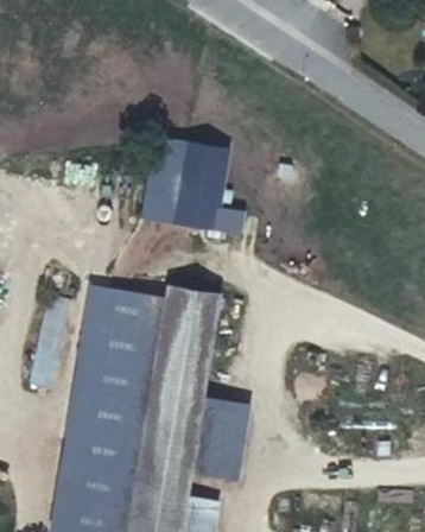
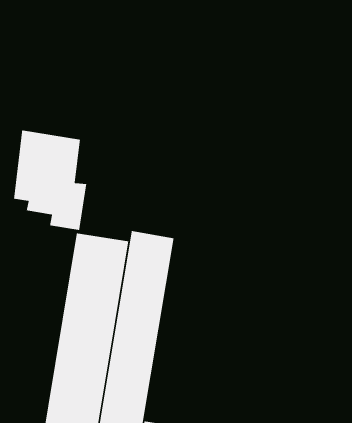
building: [142,135,226,249] -> [13,130,87,231]
building: [185,398,239,475] -> none

